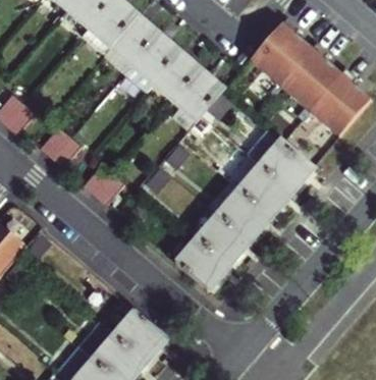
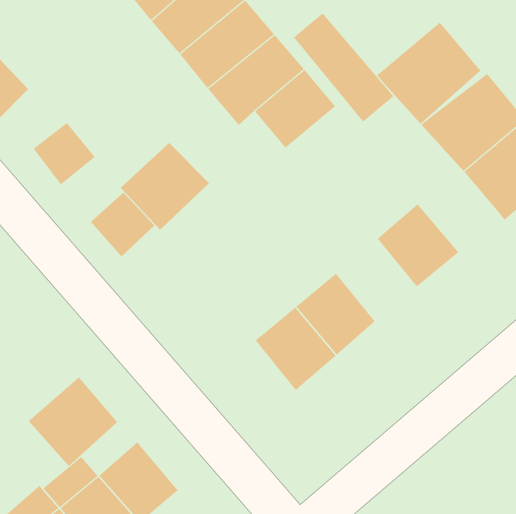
building: none -> [293,13,394,123]
building: none -> [120,142,210,231]
building: [241,164,291,214] -> none
building: [179,237,228,286] -> none
building: none -> [28,376,118,467]

